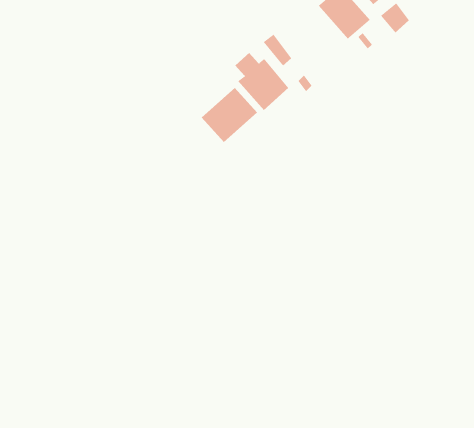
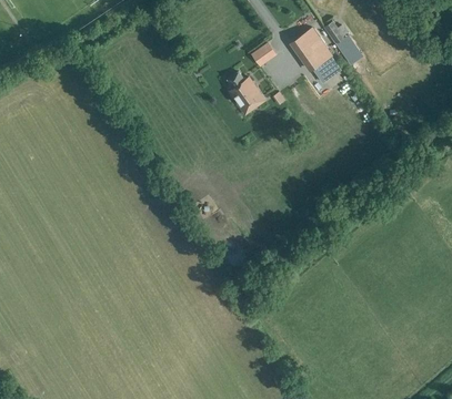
building: [201,87,258,143] -> none

